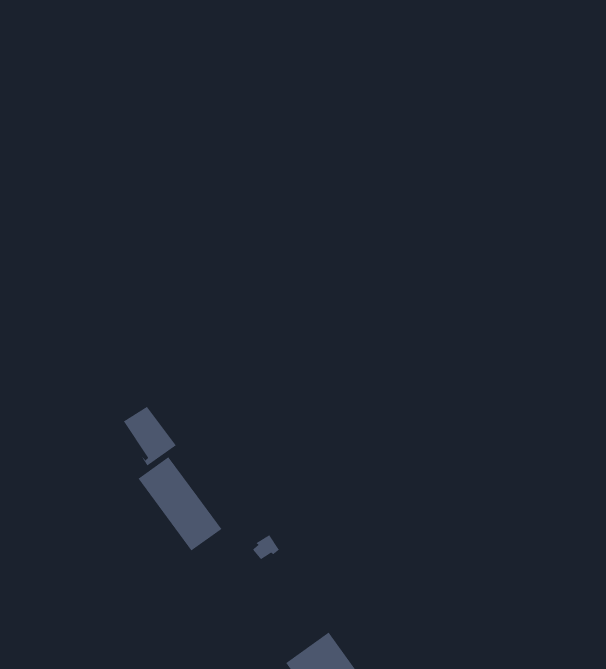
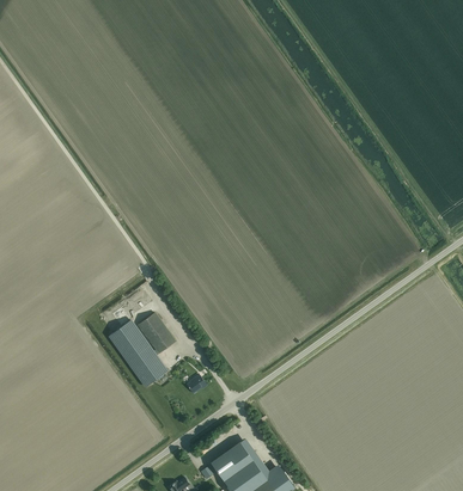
building: [123,406,177,467] -> [139,313,176,355]

